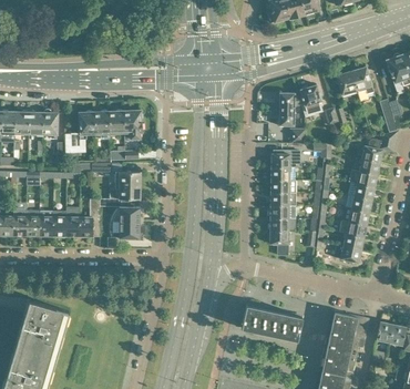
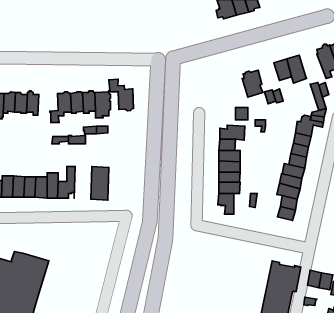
building: [278,92,301,125] -> none
building: none -> [109,79,133,111]
building: [109,172,140,199] -> none
building: [240,305,301,340] -> none

